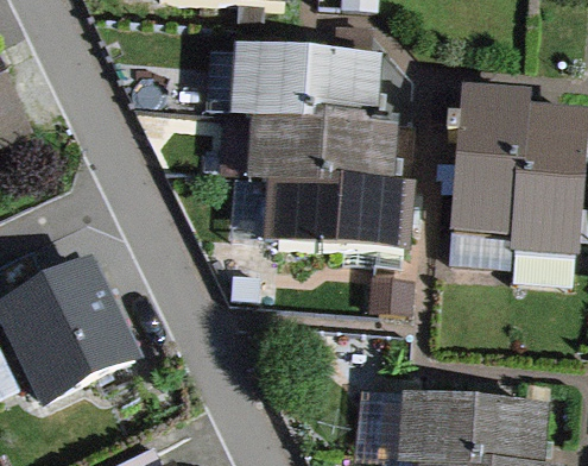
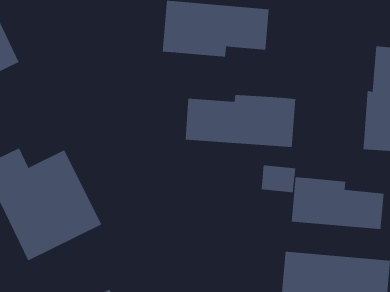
building: [449,84,525,235] -> none
building: [240,108,393,184] -> none
building: none -> [291,177,384,230]

